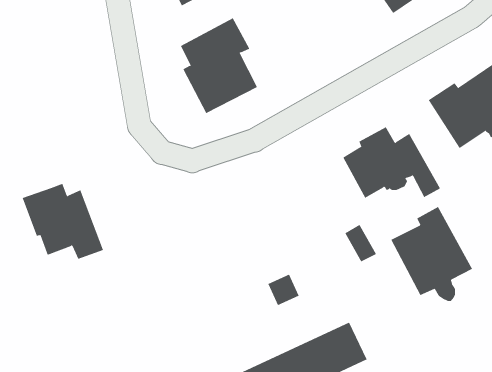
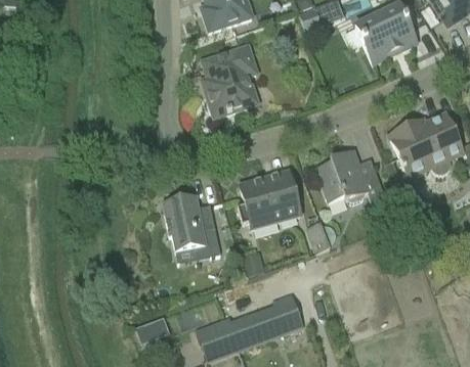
building: none -> [238,172,300,227]
building: [22,183,104,260] -> [163,196,220,258]
building: [390,206,473,302] -> none

